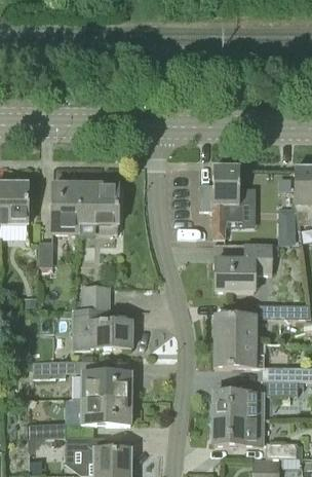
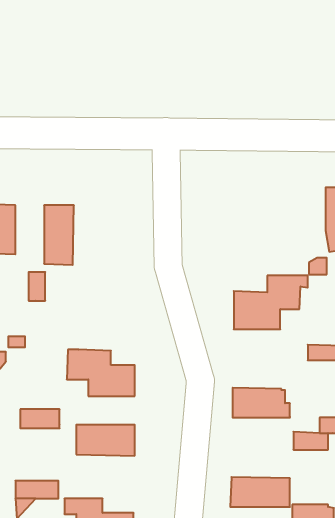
building: [199,167,243,236] -> none
building: [77,183,118,234] -> none
building: [82,285,111,308] -> none
building: [215,316,257,341] -> none
building: [213,392,265,418] -> none
building: [79,398,130,425] -> none

